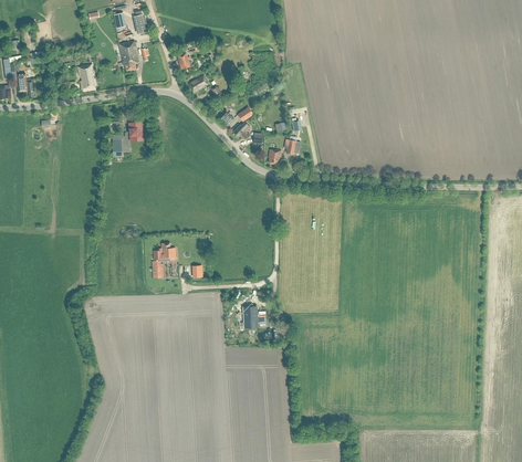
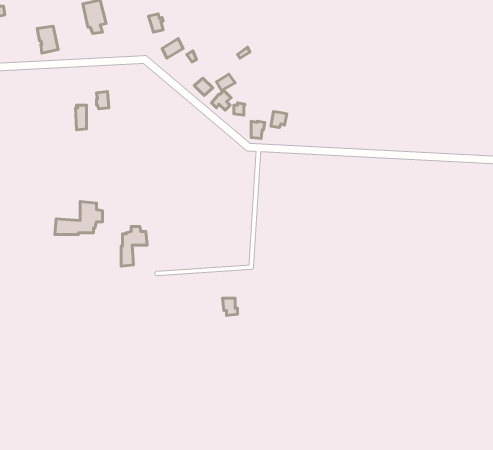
building: none -> [55,202,102,235]

